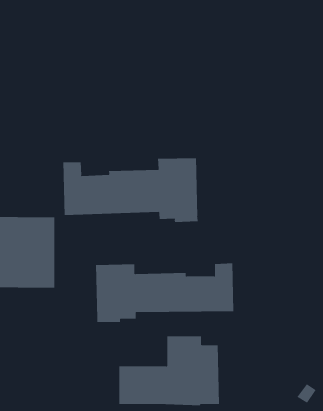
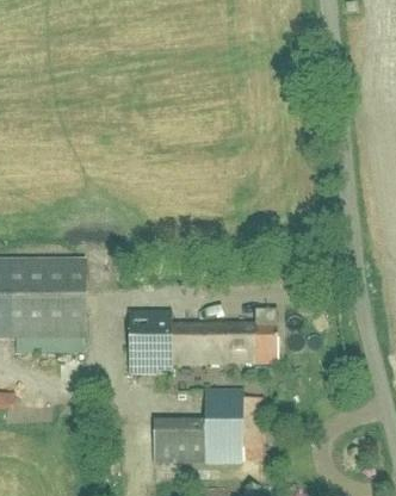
building: [63,157,198,223] -> none

